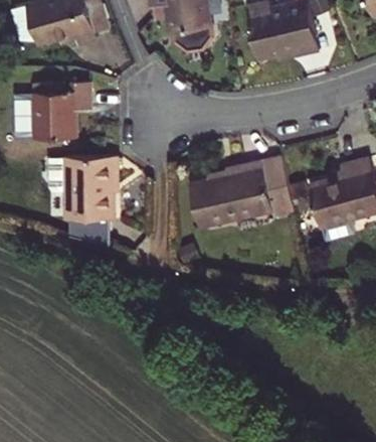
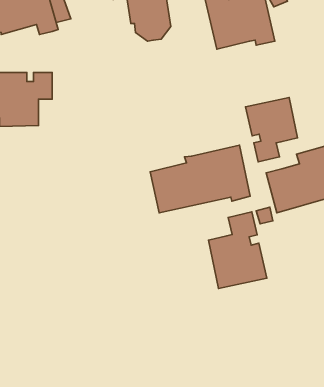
building: none -> [246,98,297,162]
building: [49,156,118,249] -> none
building: none -> [209,212,267,289]

